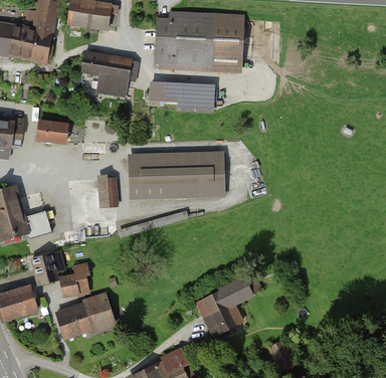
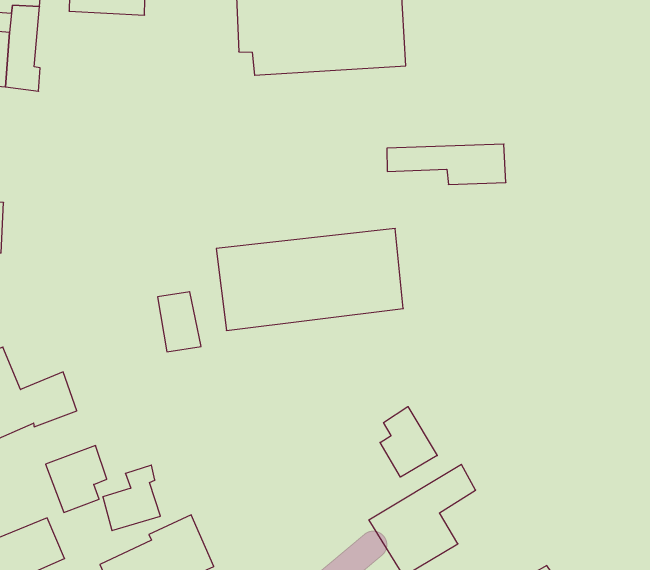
building: [80,53,136,96] -> none
building: [148,84,210,109] -> [387,144,506,184]
building: [36,121,66,143] -> none
building: none -> [380,407,437,477]

